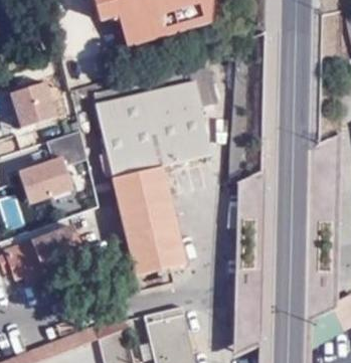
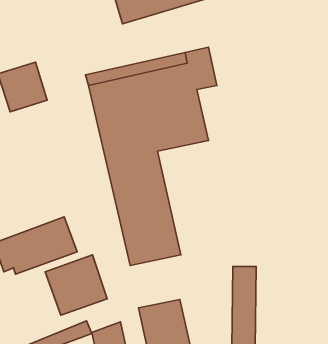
building: [18,131,86,203] -> none
building: none -> [45,255,107,315]

